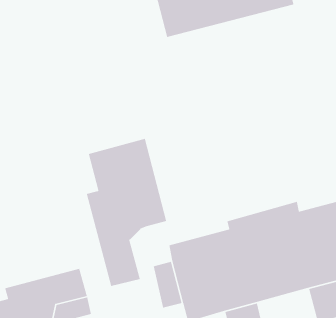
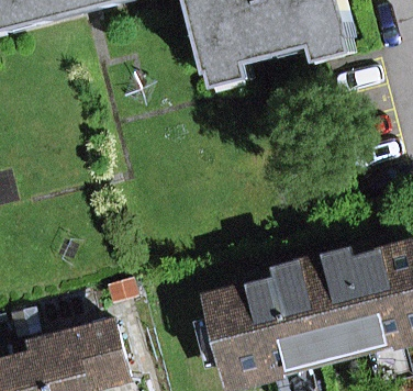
building: [86,138,167,287] -> none

